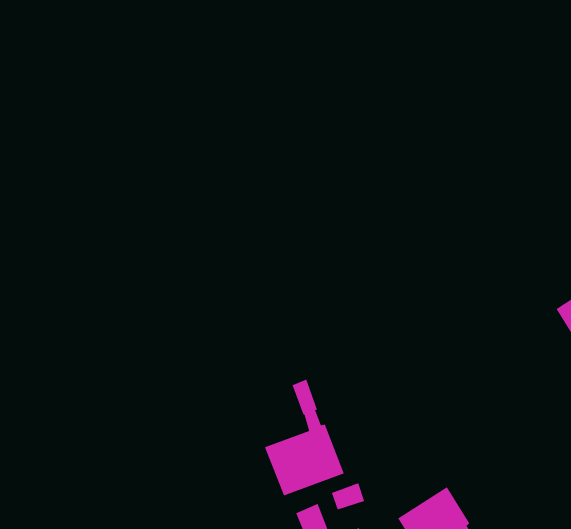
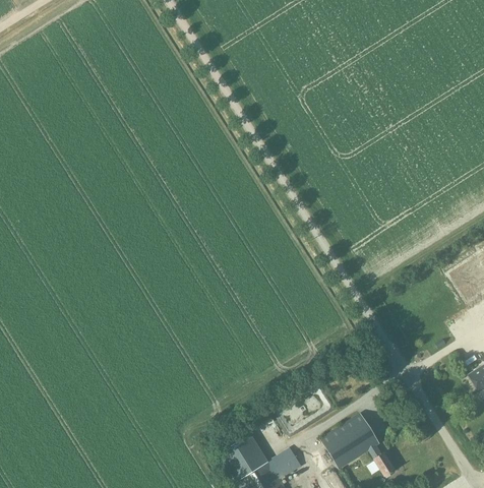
building: [264,379,345,497] -> none

